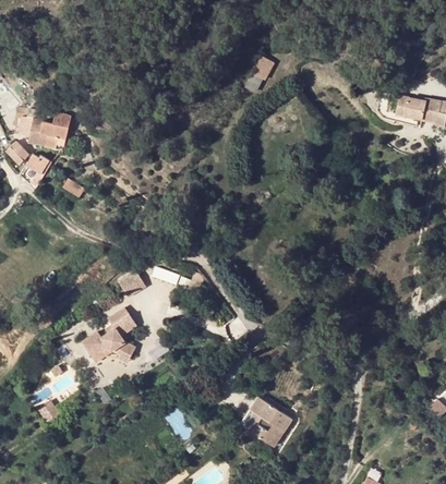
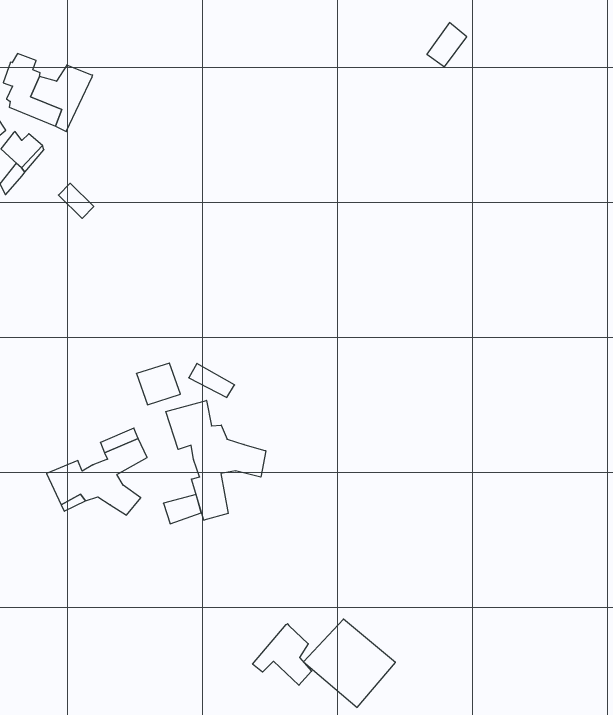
building: none -> [166,400,266,520]
building: none -> [253,624,312,685]

